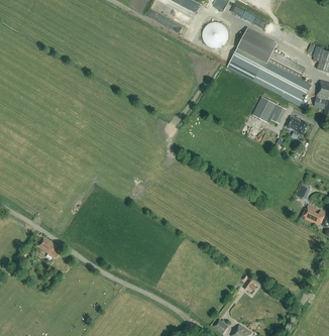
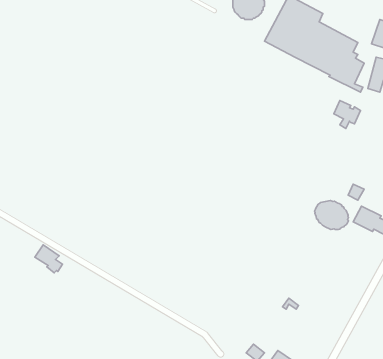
building: [252,97,286,124] -> none
building: none -> [315,200,349,230]

